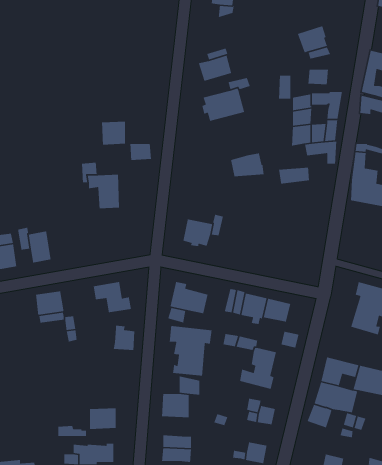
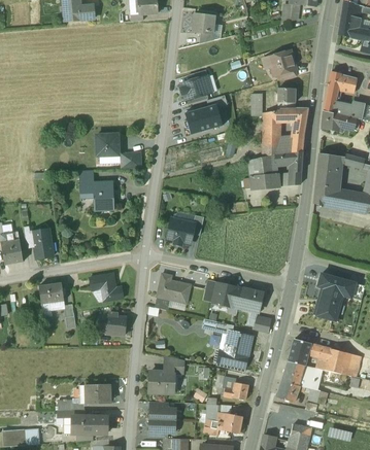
building: [230,153,264,177] -> [248,154,278,176]
building: [169,325,212,377] -> none

